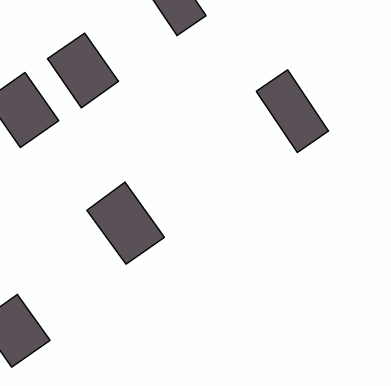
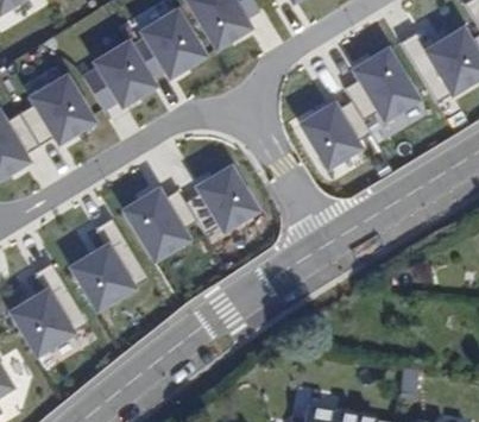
building: none -> [149,15,202,74]
building: none -> [355,49,418,121]
building: none -> [195,163,263,235]
building: none -> [70,241,138,313]

